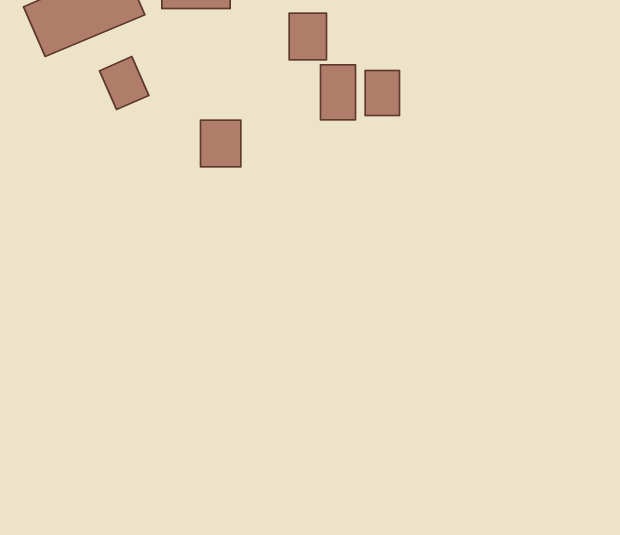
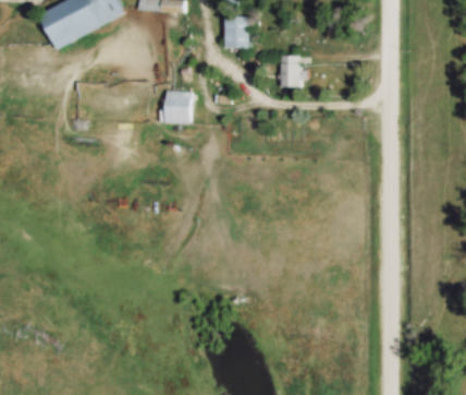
building: [99,57,149,110] -> none
building: [321,65,356,120] -> none

